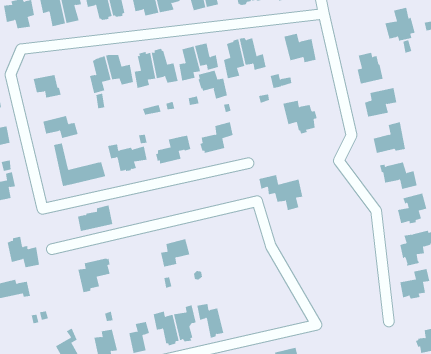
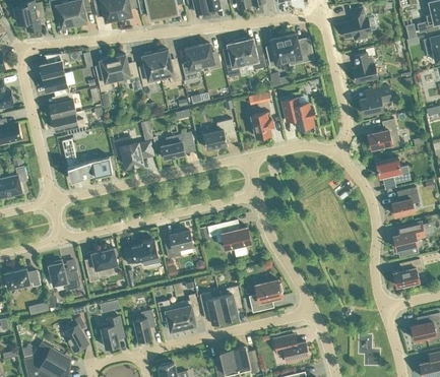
building: [385,7,415,41] -> [340,8,370,41]
building: none -> [265,38,289,67]
building: none -> [40,54,63,78]
building: [198,70,228,100] -> none
building: none -> [49,93,75,119]
building: none -> [250,112,272,138]
building: [259,174,303,211] -> [207,223,250,257]
building: [77,205,113,232] -> [123,239,158,264]
building: [7,236,40,268] -> [48,260,79,291]
building: none -> [248,280,281,313]
building: none -> [218,287,239,321]

